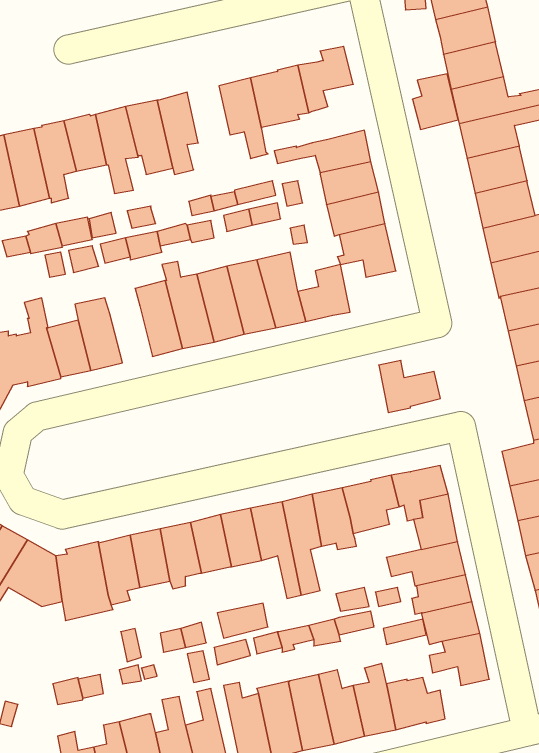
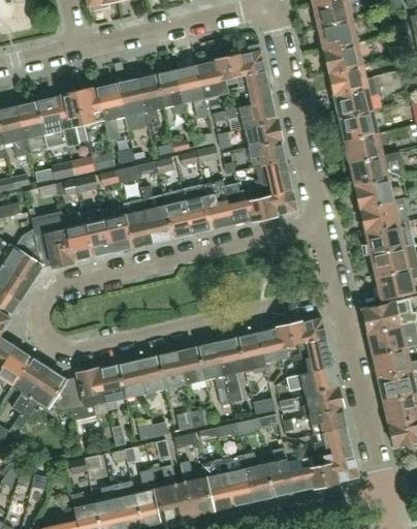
building: [412,74,458,129] -> [242,69,271,105]
building: none -> [156,70,186,113]
building: none -> [105,214,133,251]
building: [379,360,440,413] -> [256,184,296,218]
building: none -> [299,449,357,484]

